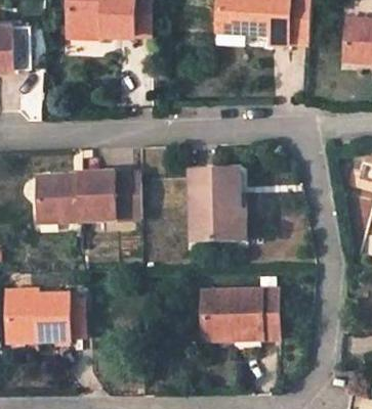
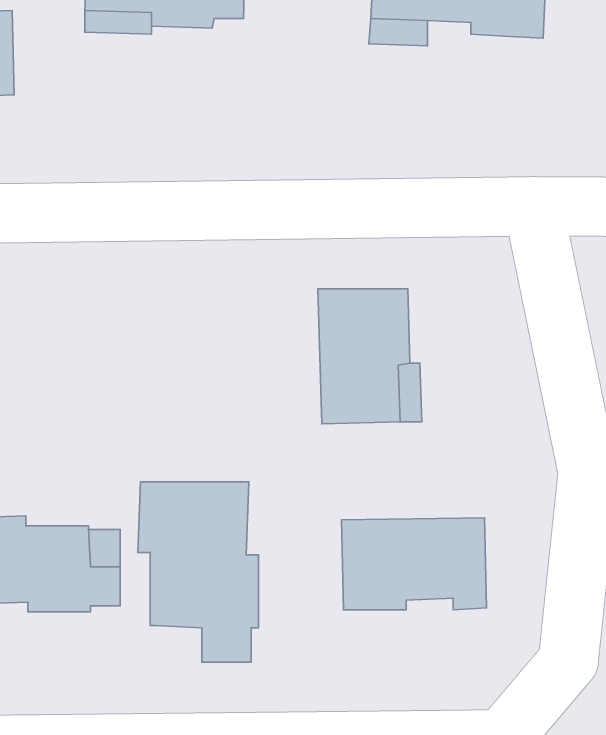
building: [33,173,137,221] -> none
building: none -> [138,482,259,662]

